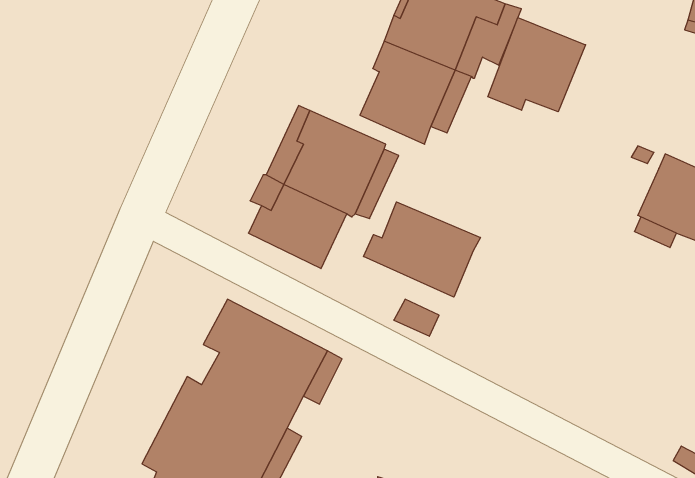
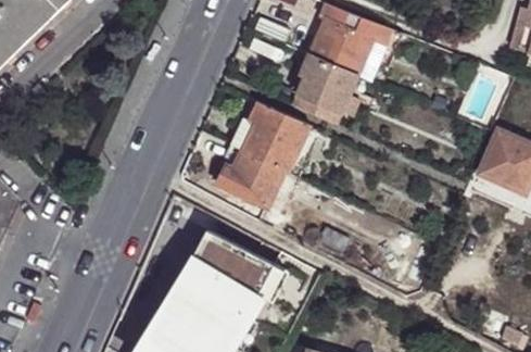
building: [488,18,586,112] -> none
building: [364,202,480,297] -> none

